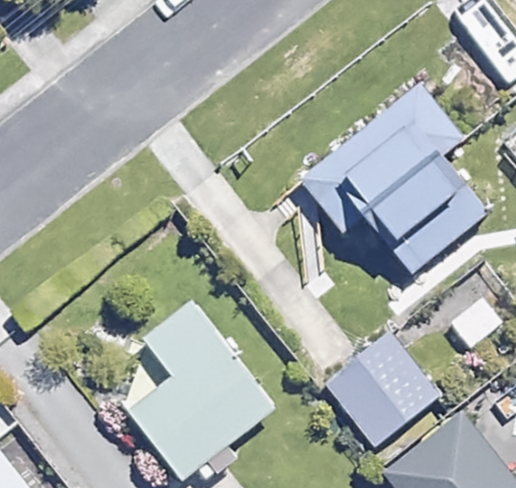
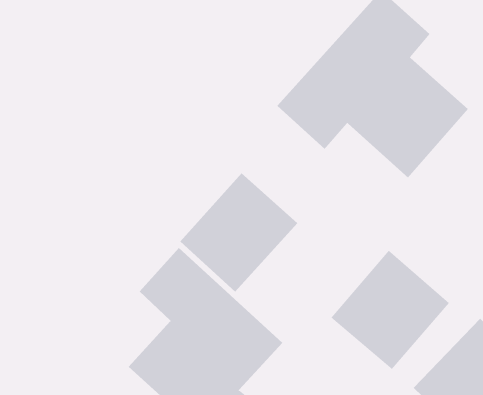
building: none -> [180,172,298,292]

